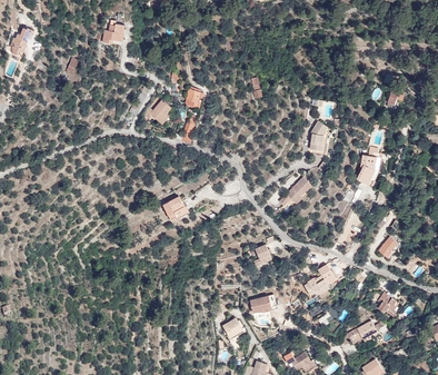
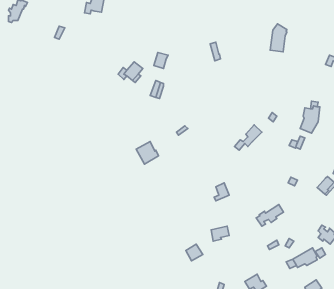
building: [310,120,330,154] -> [270,24,287,52]

